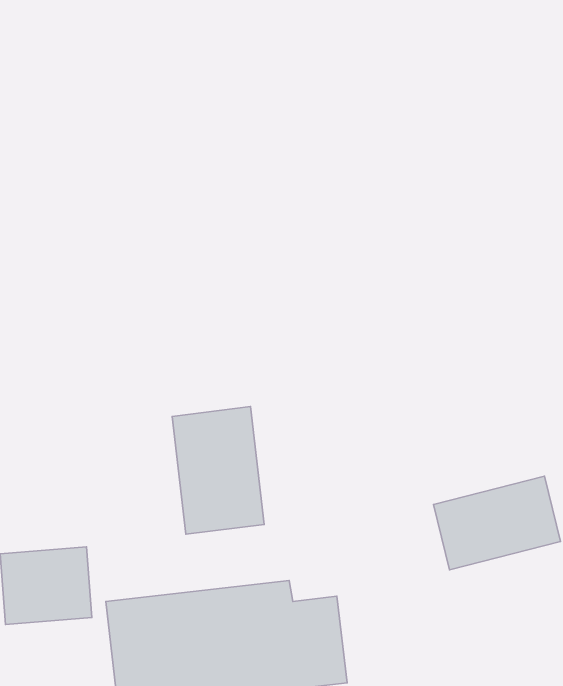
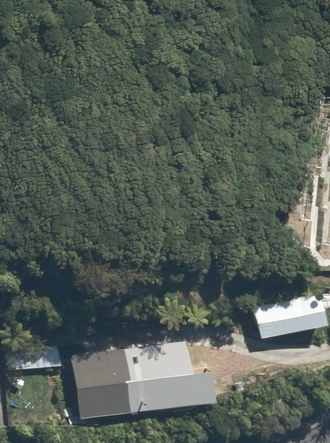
building: [172,407,264,534] -> none

